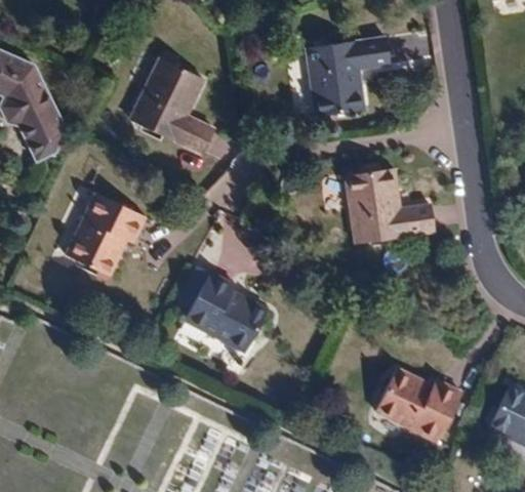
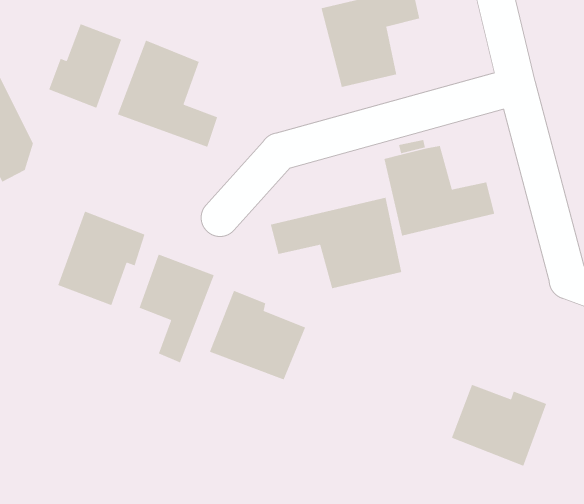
building: none -> [48,23,122,109]
building: none -> [270,197,402,289]
building: none -> [138,254,215,364]

